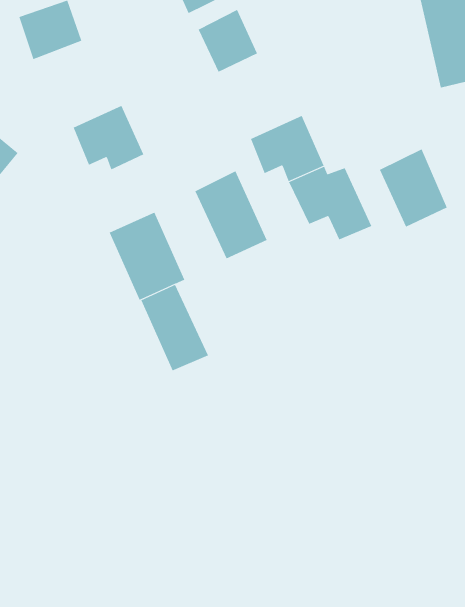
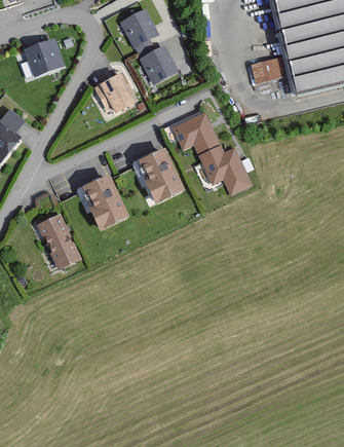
building: none -> [250,54,285,82]
building: [73,105,144,170] -> [91,73,138,115]
building: [379,149,448,228] -> none
building: [141,284,209,371] -> [37,214,81,270]

